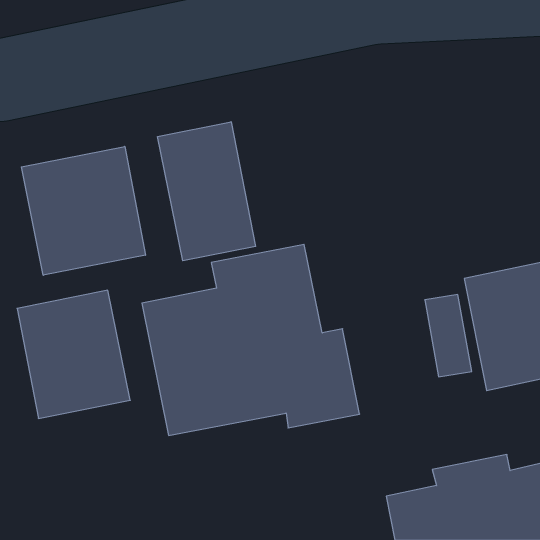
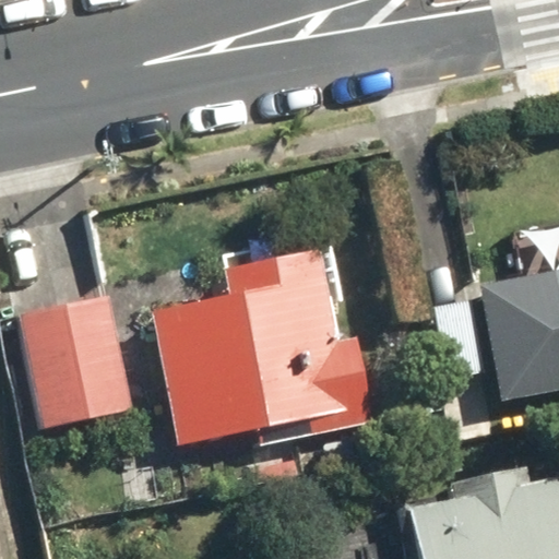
building: [158,122,256,261] -> none
building: [21,146,145,275] -> none

